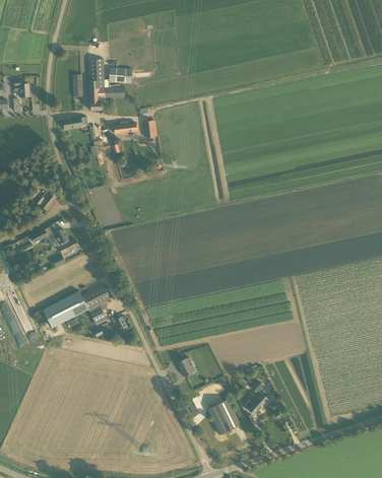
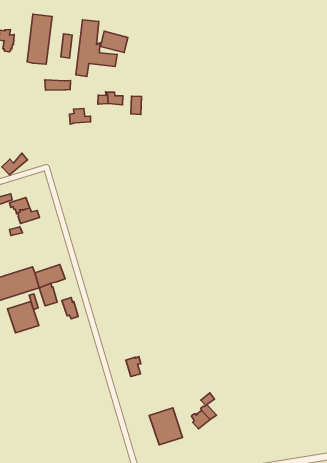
building: none -> [27,14,52,64]
building: none -> [8,302,39,333]

